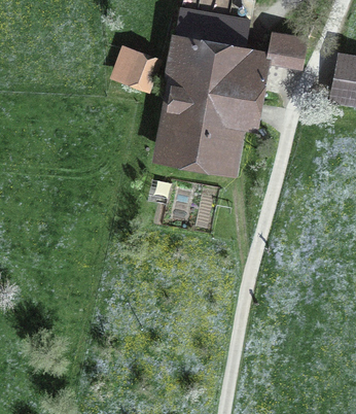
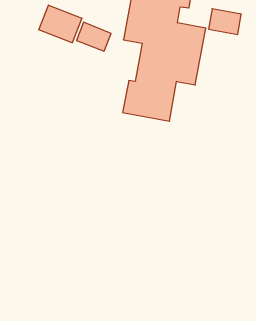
building: none -> [39,5,82,43]

